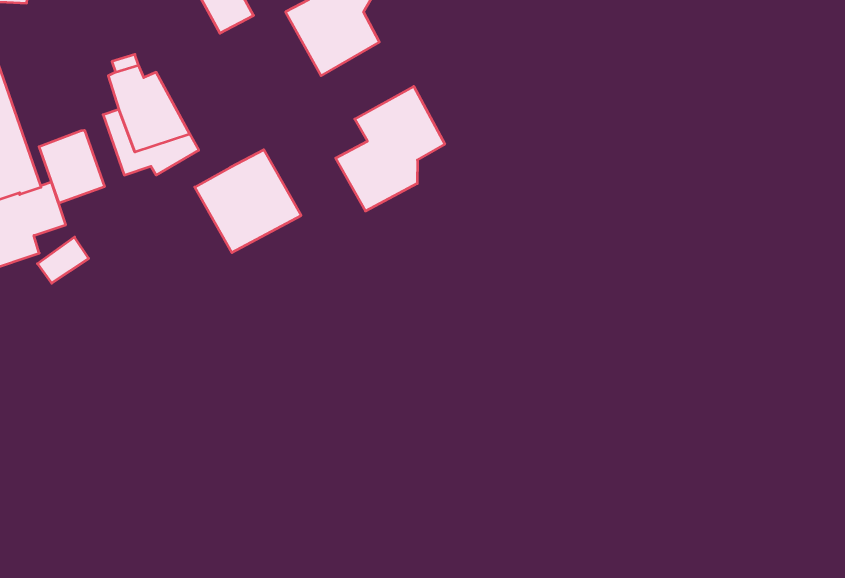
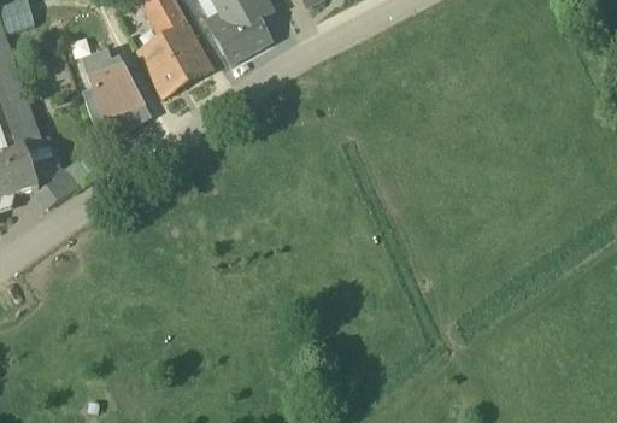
building: [336,86,445,211] -> none
building: [39,130,104,203] -> none
building: [195,150,301,253] -> [137,23,210,93]

